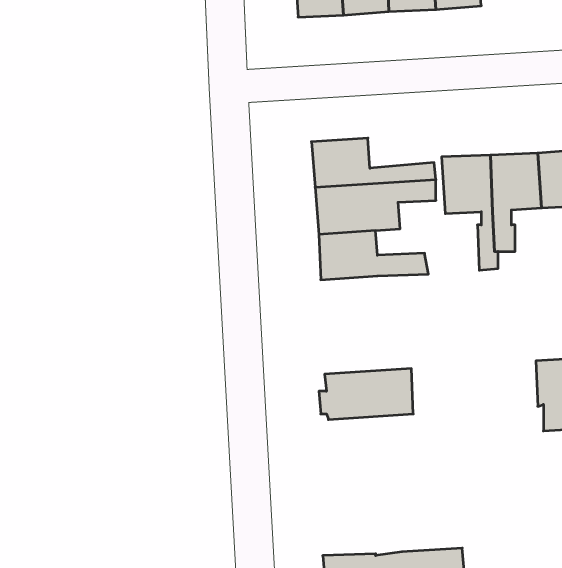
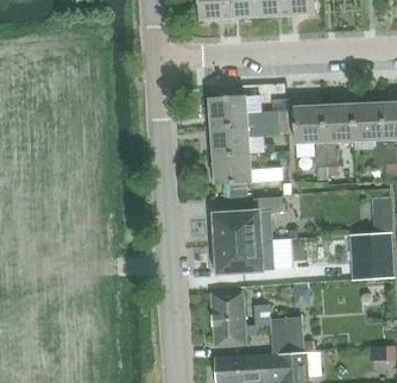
building: none -> [210,195,282,243]
building: none -> [212,291,313,352]

